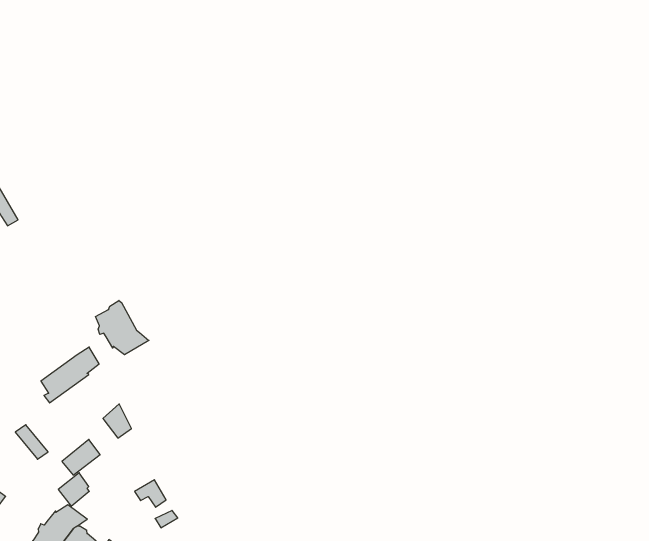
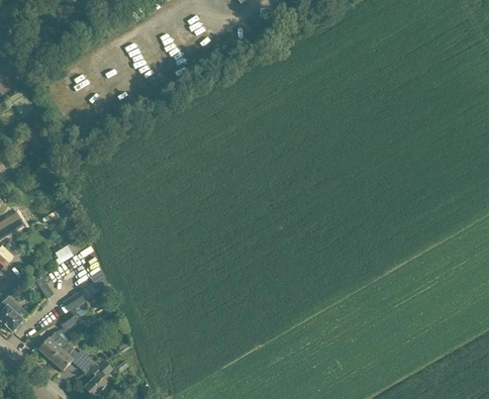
building: [96,300,149,355] -> none

